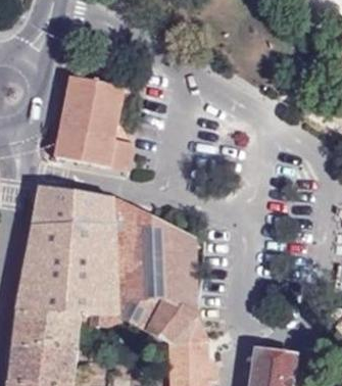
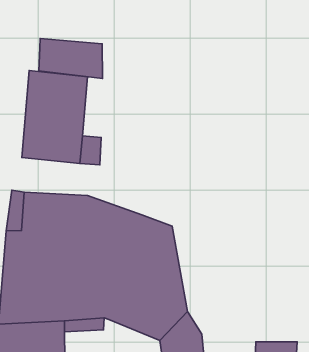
building: none -> [39,38,102,78]

